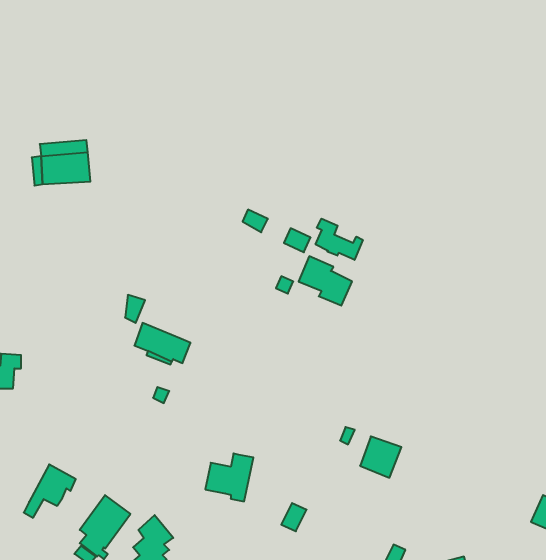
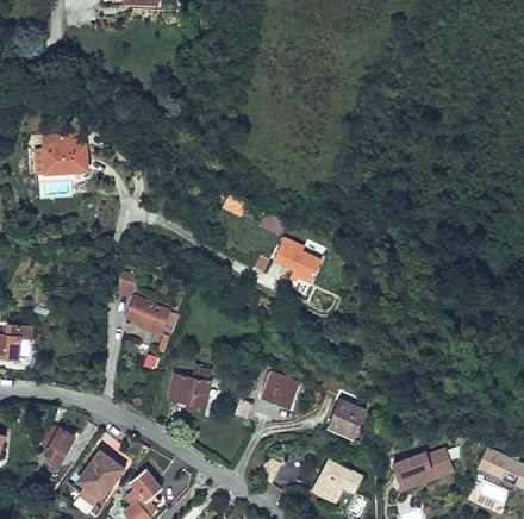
building: [316,219,363,260] -> none
building: none -> [261,373,300,409]
building: [205,453,253,501] -> [170,367,213,409]
building: none -> [394,450,454,490]
building: none -> [312,458,363,500]

